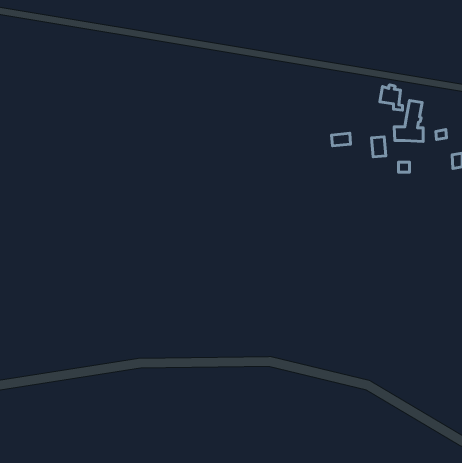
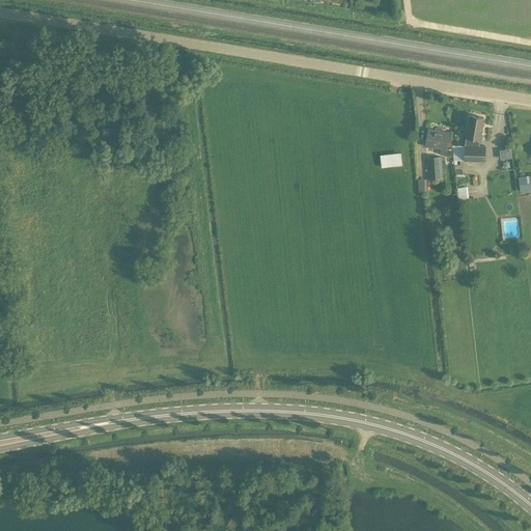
building: [380,85,402,110] -> [424,127,450,156]

